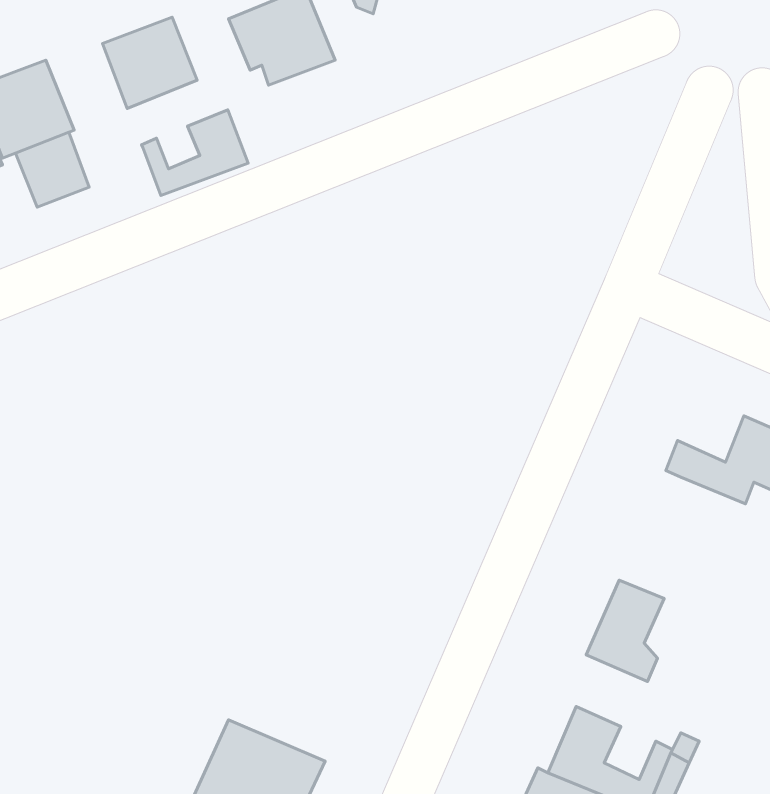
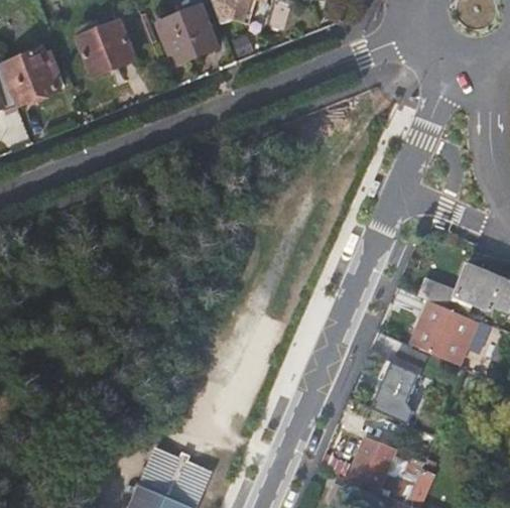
building: [142,110,248,195] -> none
building: [16,132,89,207] -> none
building: none -> [409,299,478,366]

